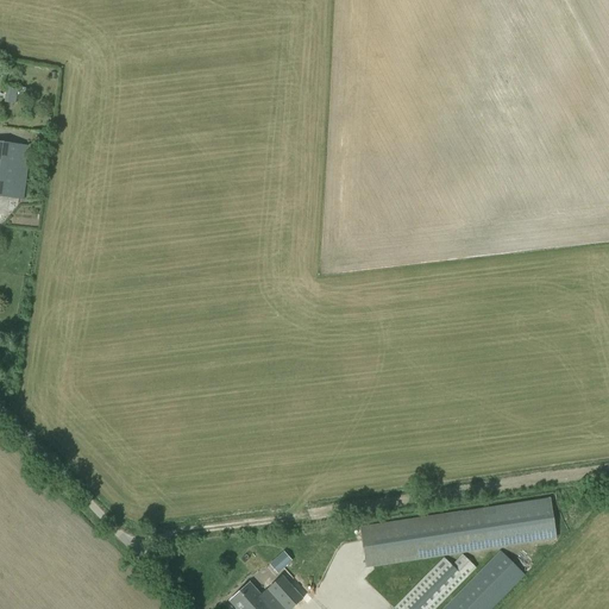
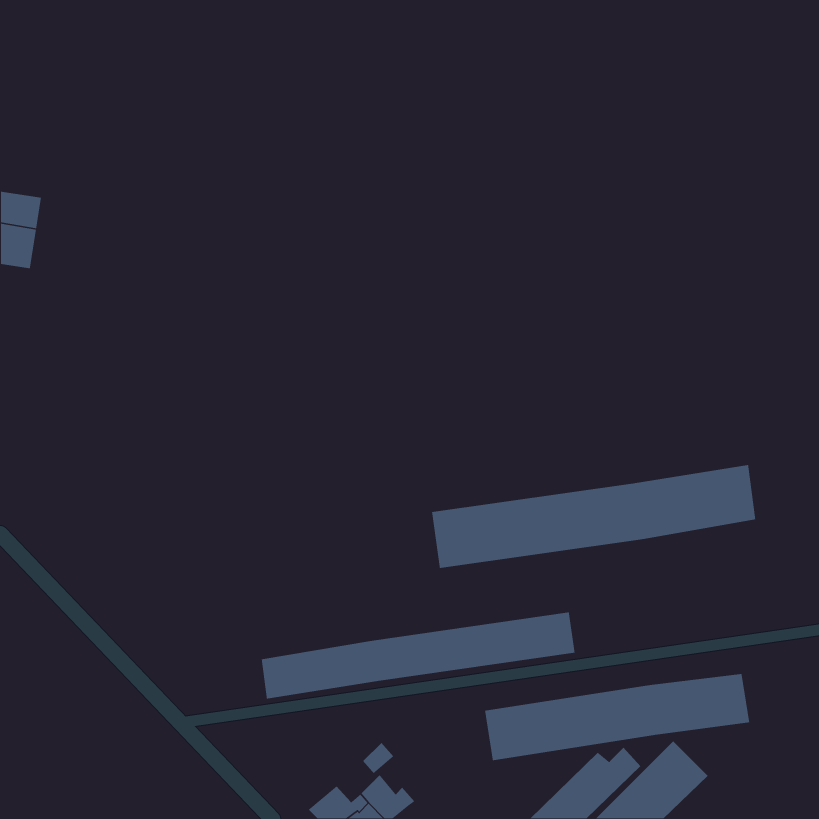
building: none -> [431,464,756,569]
building: none -> [261,612,575,699]

